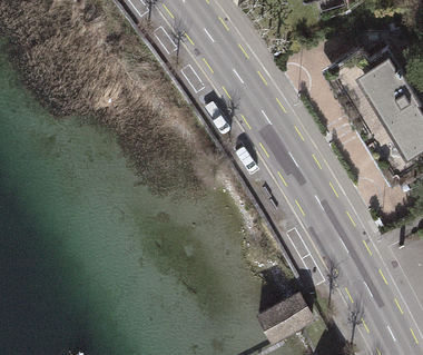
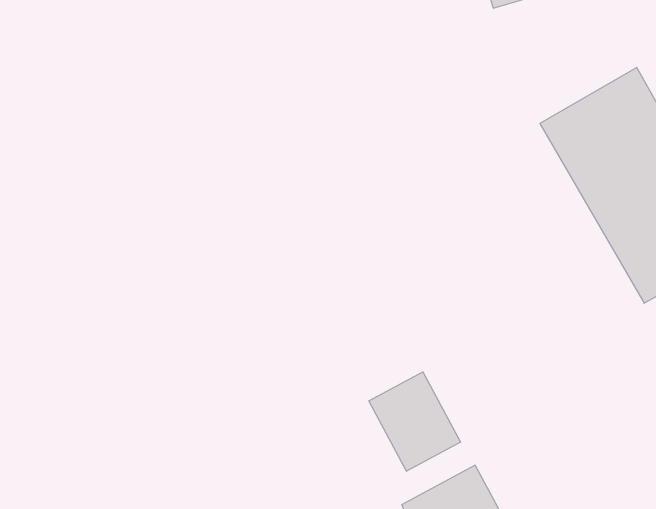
building: none -> [369,372,461,471]

